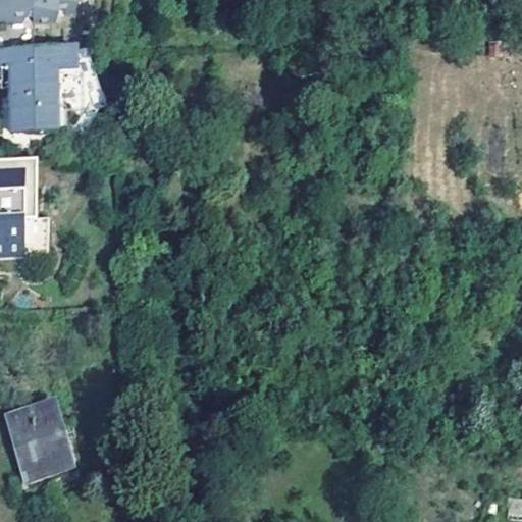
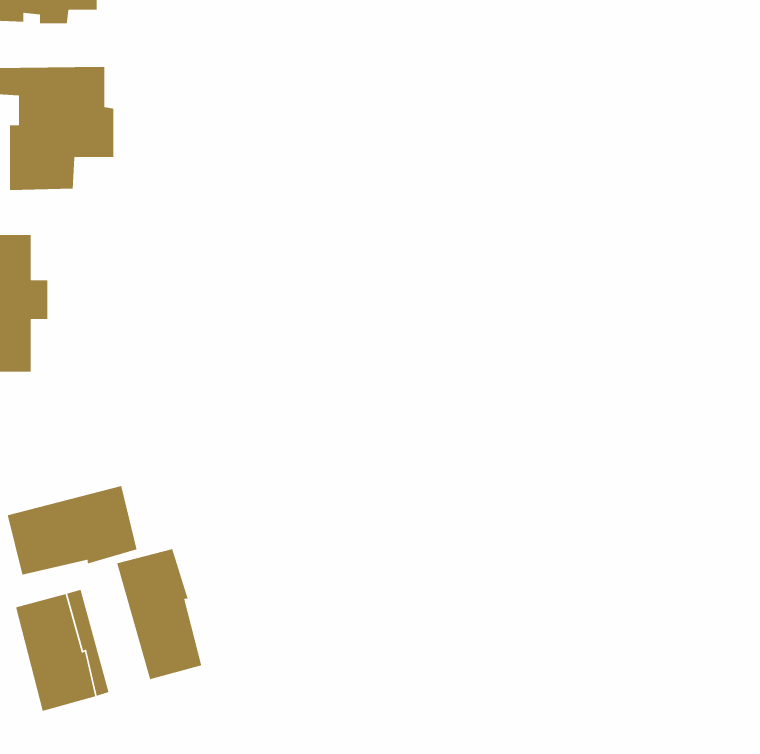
building: none -> [7,485,137,576]
building: none -> [116,548,202,680]

